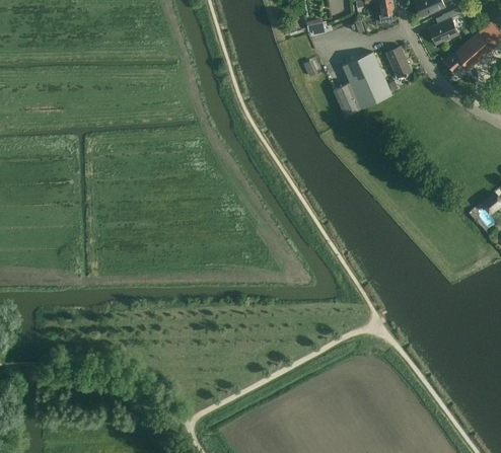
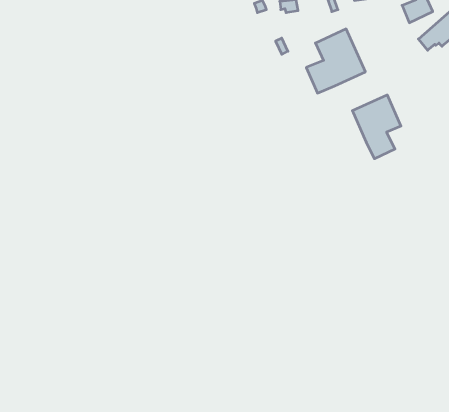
building: [386,46,412,77] -> none
building: none -> [352,95,401,159]

